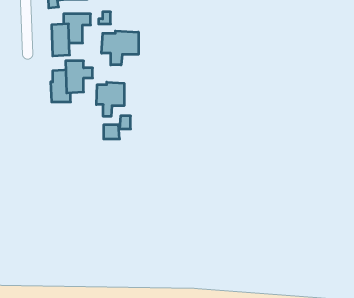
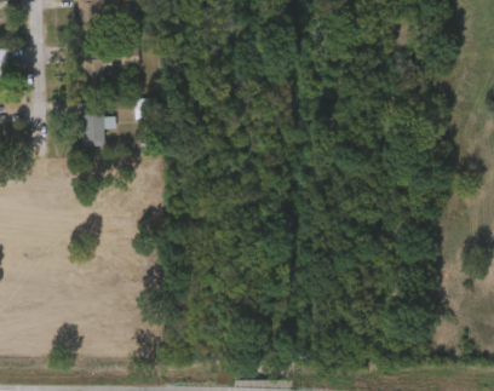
building: [102,31,138,65] -> none
building: [96,82,124,116] -> none

